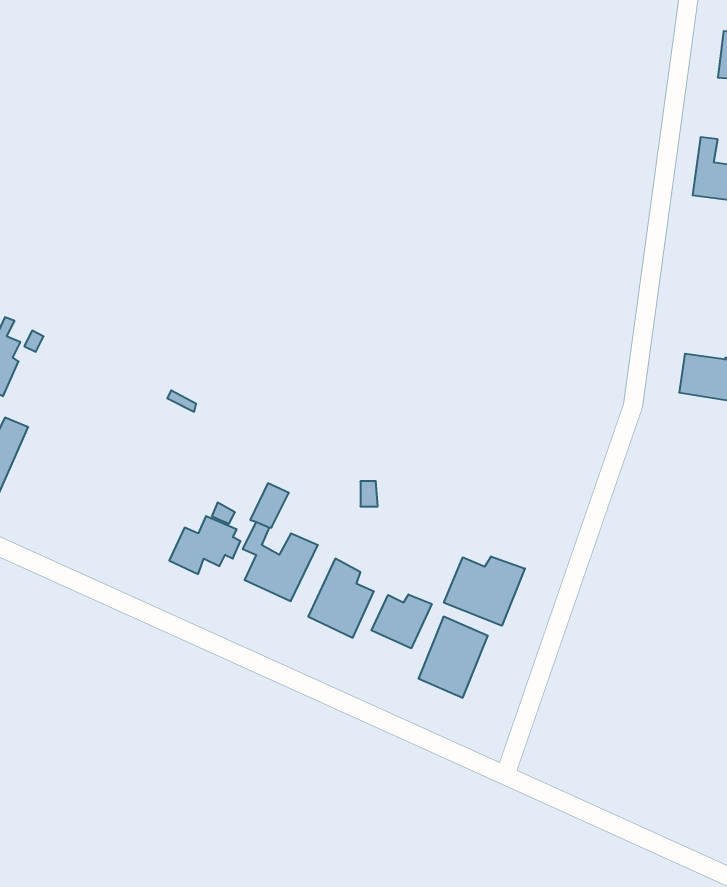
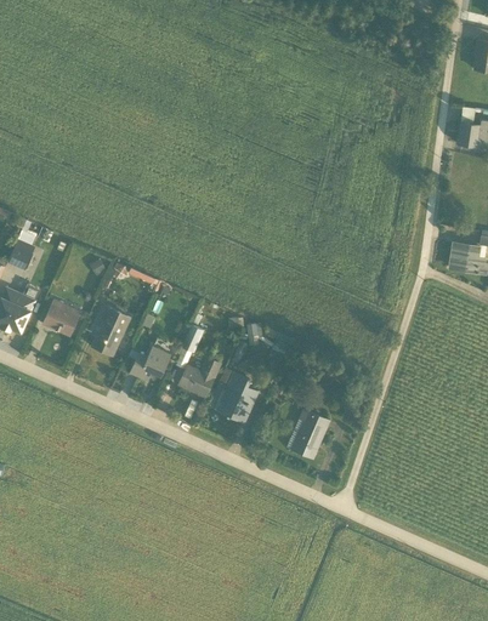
building: none -> [41,298,81,336]
building: none -> [91,303,127,354]
building: [444,556,525,626] -> none
building: [371,594,432,648] -> none

